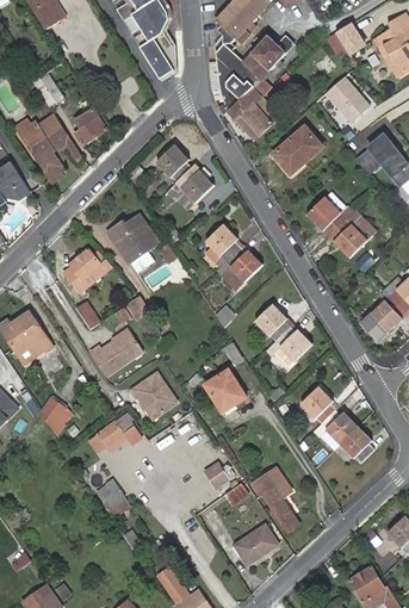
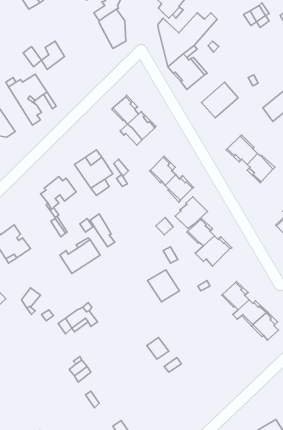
building: [324,76,371,124] -> none
building: [75,108,105,145] -> [42,41,64,69]
building: none -> [175,197,207,229]
building: [134,376,176,420] -> none
building: [250,469,298,533] -> none
building: [234,525,275,564] -> none

